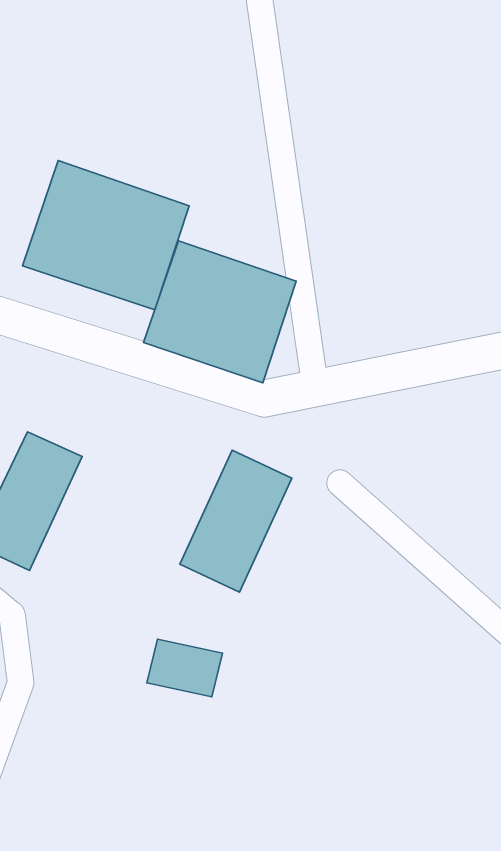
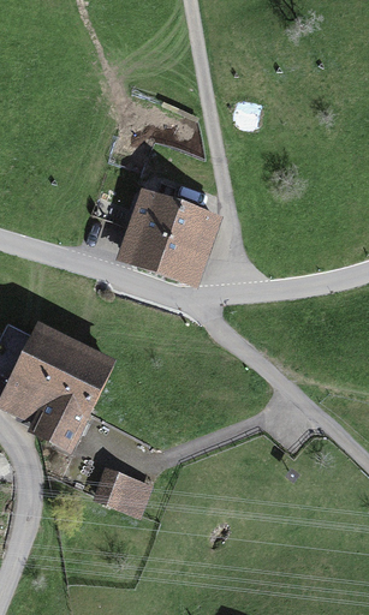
building: [23,161,189,310] -> none
building: [180,450,292,592] -> [36,338,113,435]

